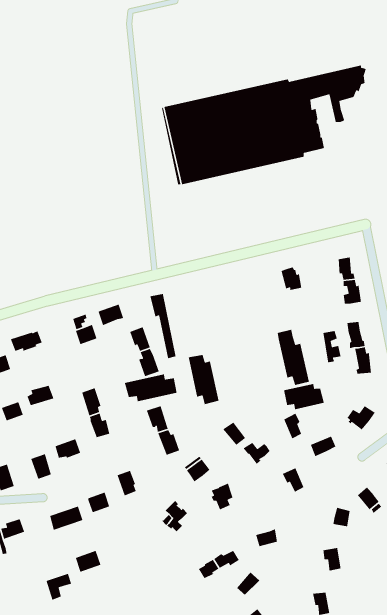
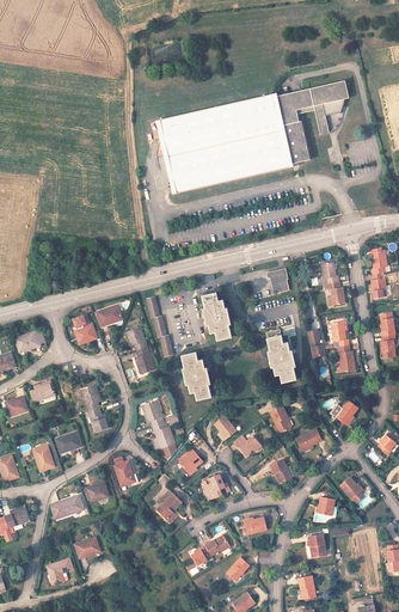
building: none -> [202,292,232,341]
building: [124,374,178,402] -> none
building: [283,383,325,410] -> none

